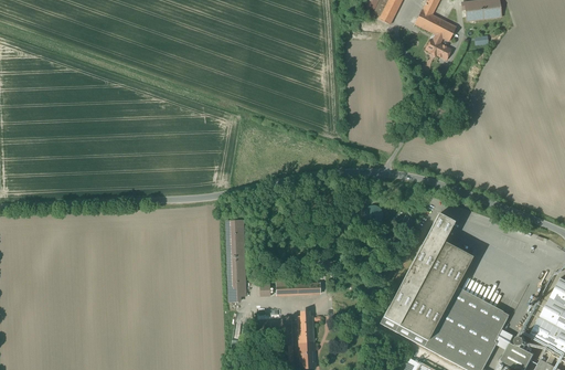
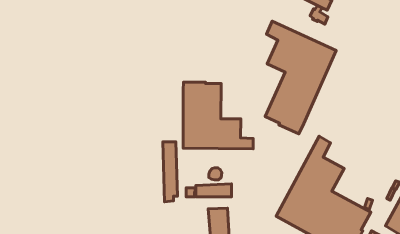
building: none -> [265,21,336,134]
building: none -> [183,82,253,149]

